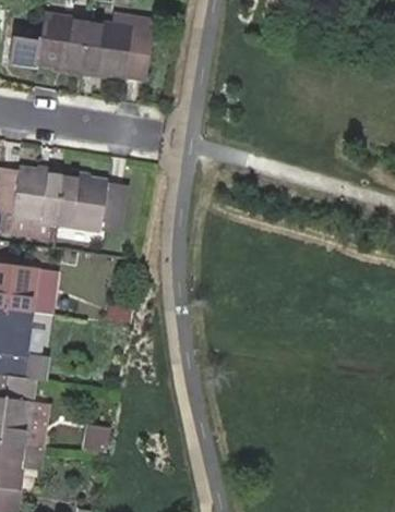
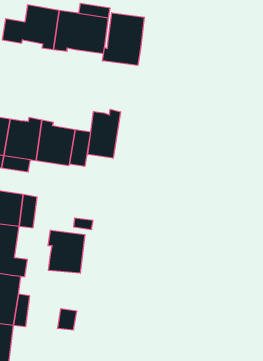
building: none -> [103,13,144,65]
building: none -> [88,109,120,158]
building: none -> [48,230,85,273]

